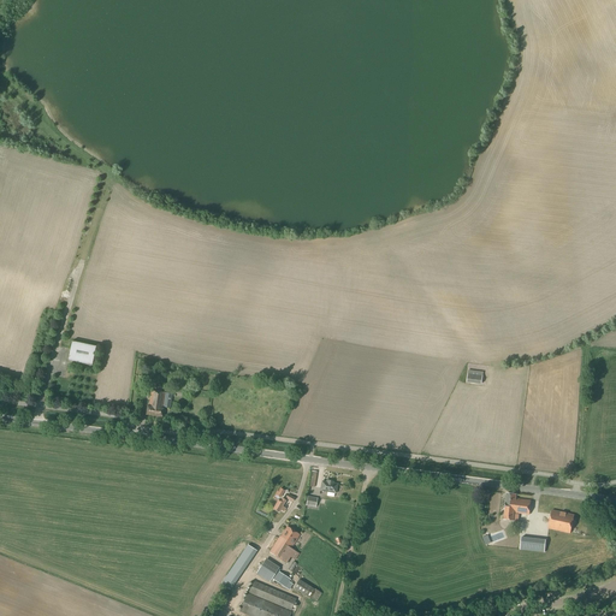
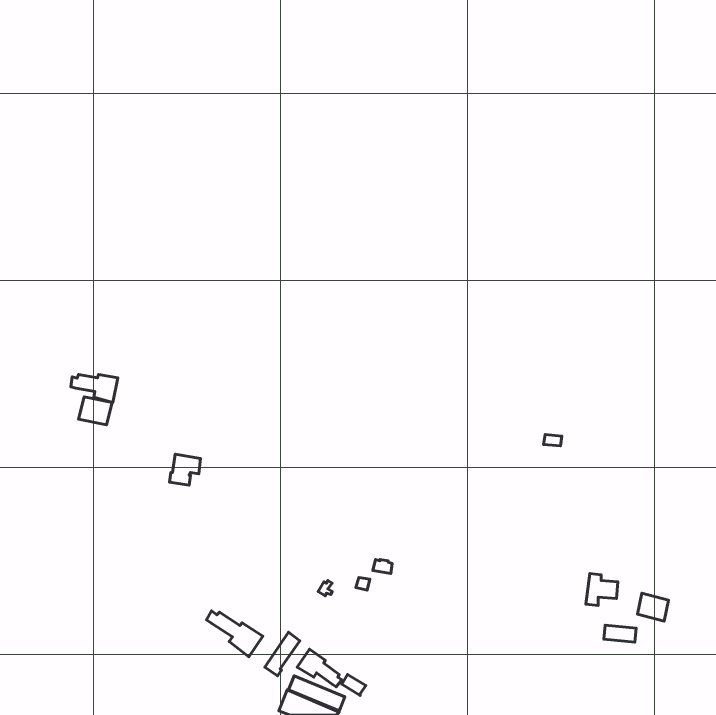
building: none -> [71,375,118,403]
building: none -> [207,611,263,657]
building: [270,526,300,563] -> none

